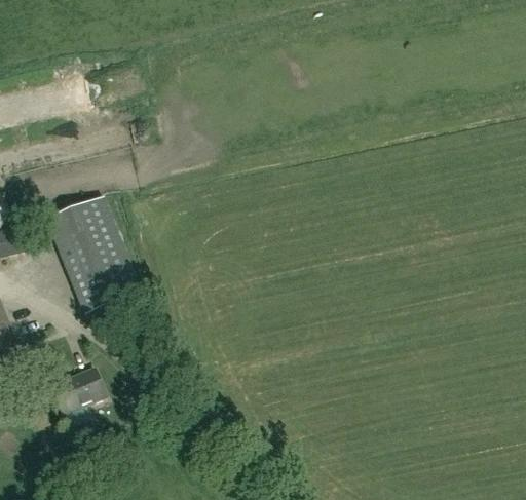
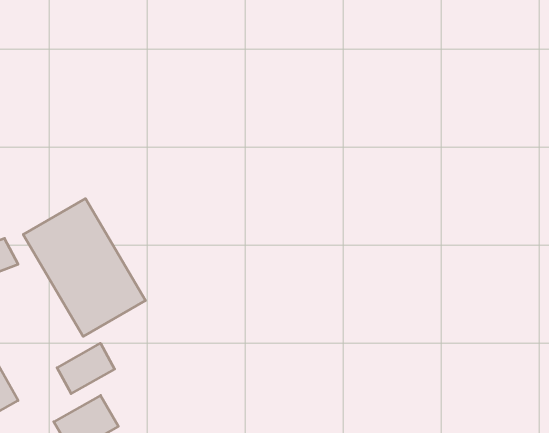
building: none -> [57,343,115,394]

